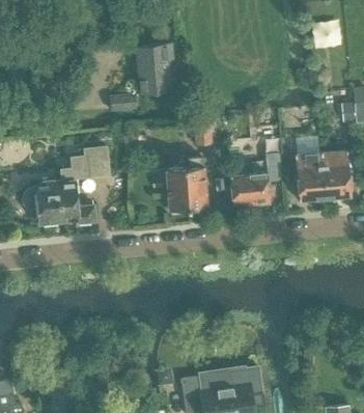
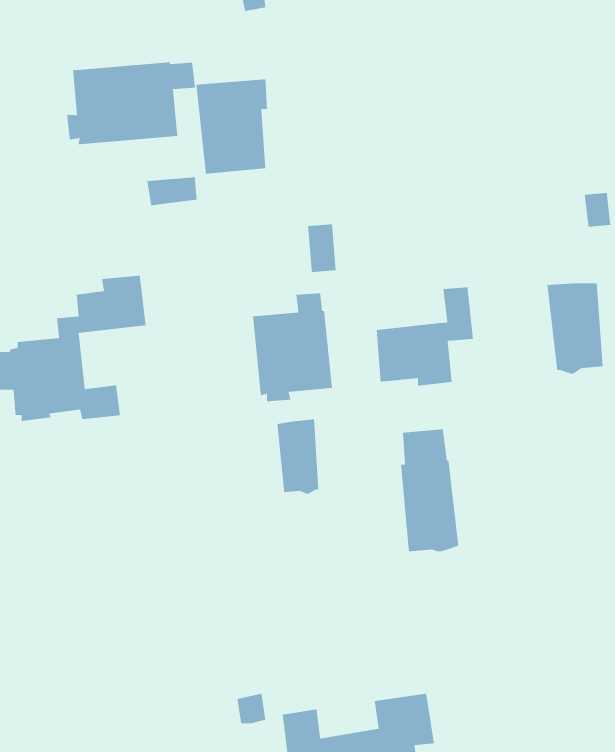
building: none -> [66,62,196,145]
building: [295,136,326,201] -> [400,428,459,552]
building: none -> [277,418,319,495]

